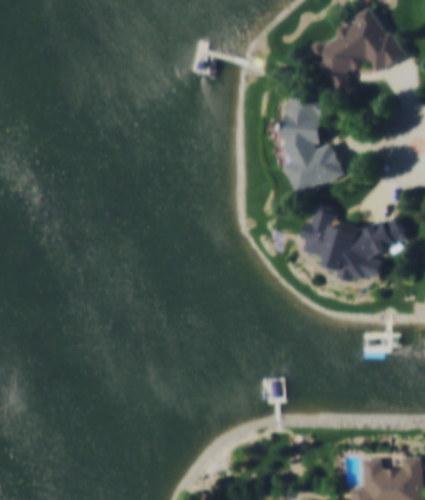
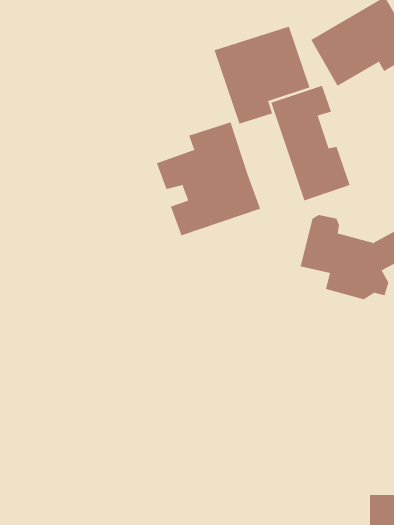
building: none -> [214,26,310,124]
building: none -> [156,121,261,236]

